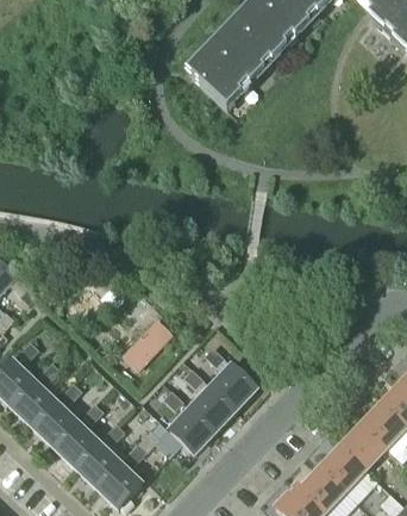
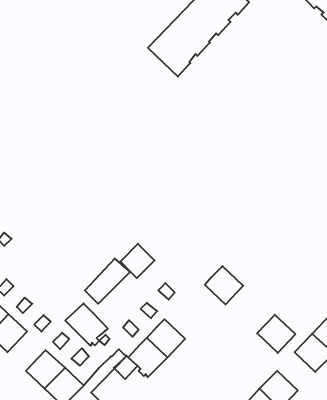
building: none -> [120,244,155,278]
building: [212,363,256,408] -> [205,266,243,304]
building: none -> [65,303,108,346]
building: [31,399,75,444] -> none
building: [342,423,386,467] -> [257,315,295,353]

